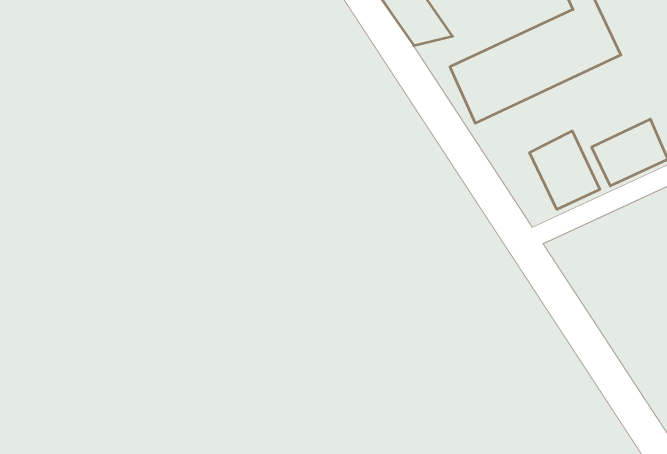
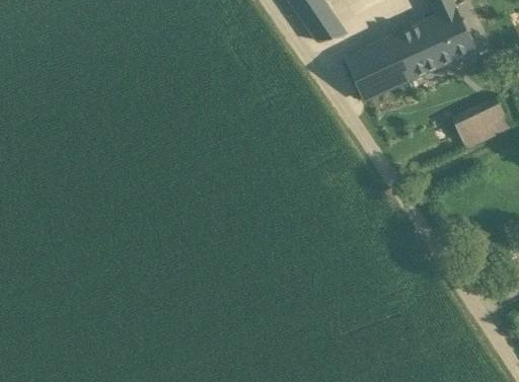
building: [530,131,600,209] -> none

